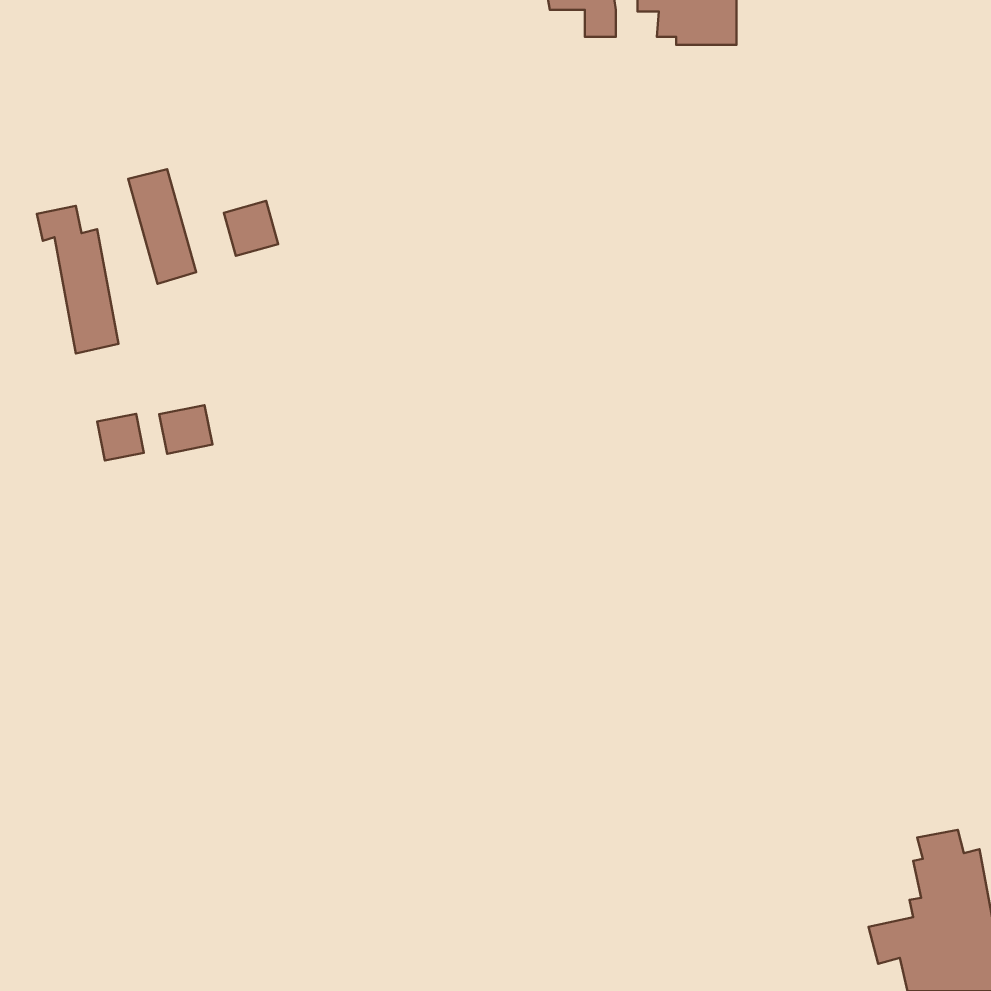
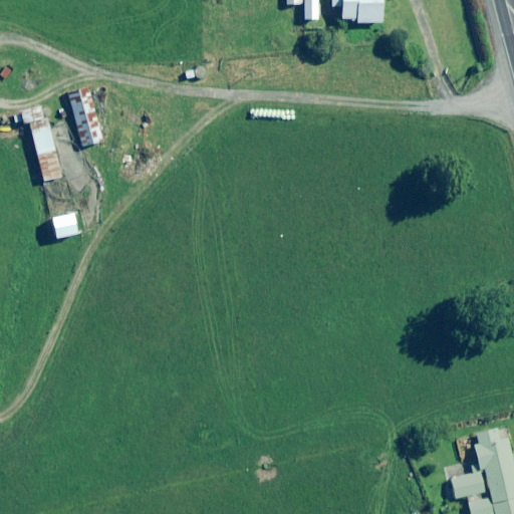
building: [224,201,278,256] -> none
building: [159,405,213,454] -> none

